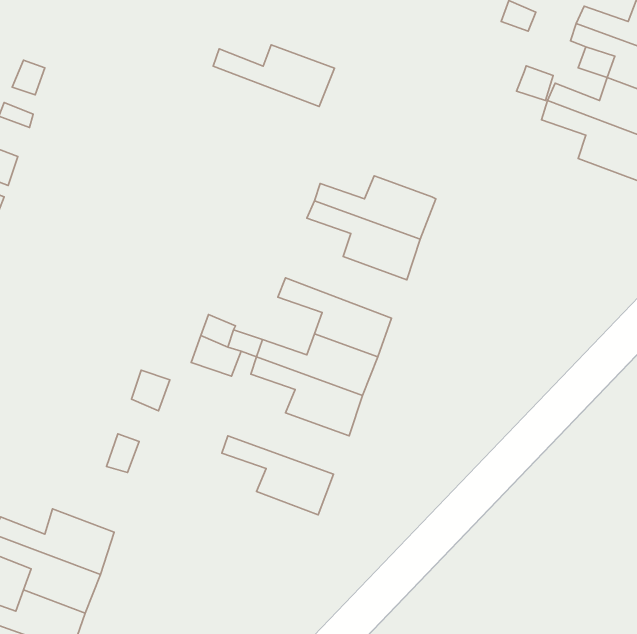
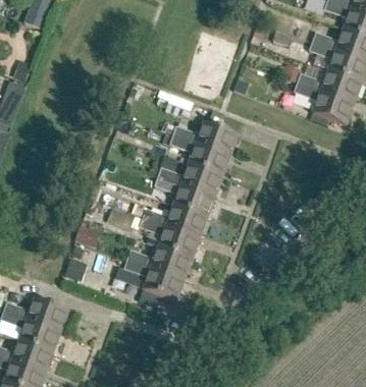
building: [213,45,335,107] -> [158,165,222,198]
building: none -> [127,247,192,280]

